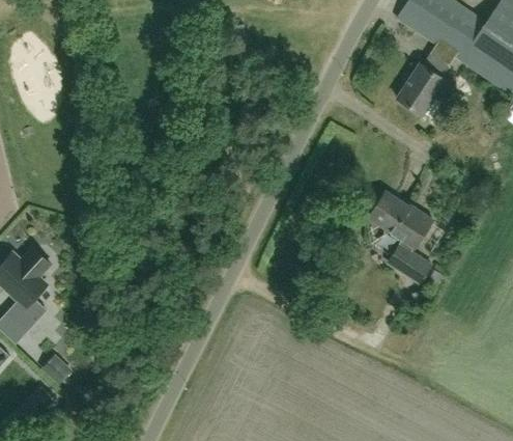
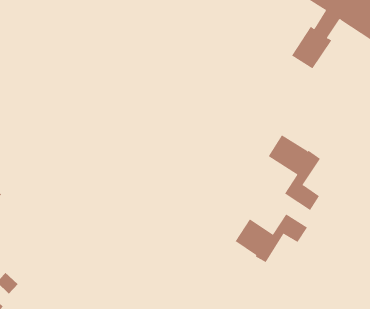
building: none -> [235,214,308,263]

